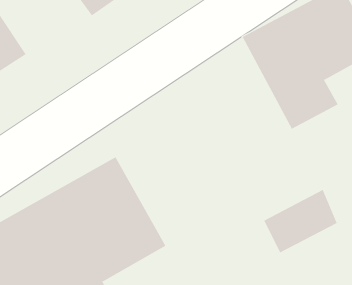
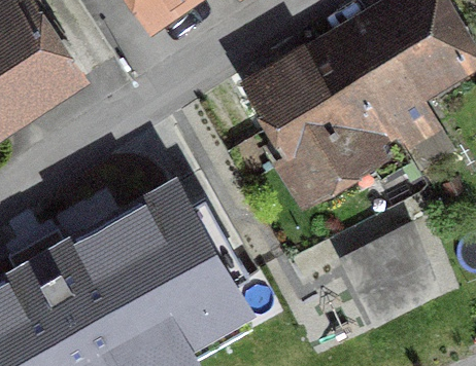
building: none -> [245,50,377,197]

